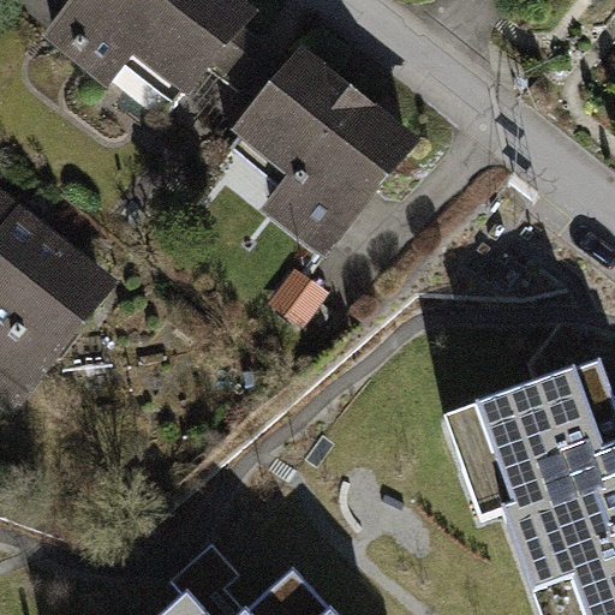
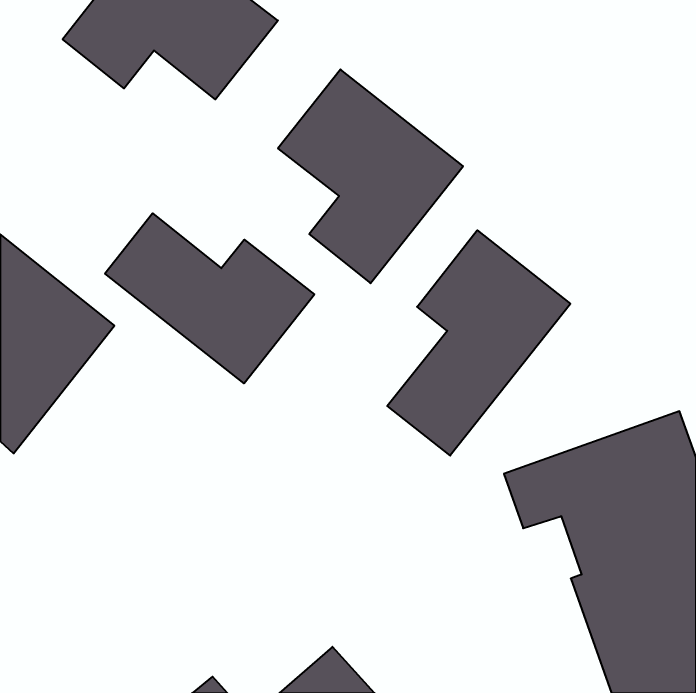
building: none -> [105,213,314,383]
building: none -> [387,230,570,456]

